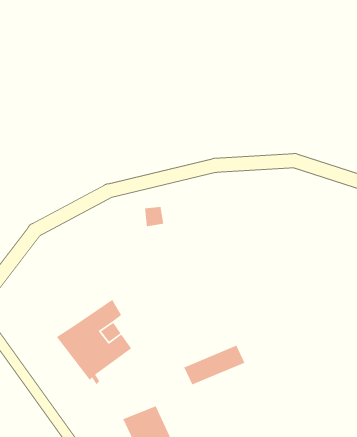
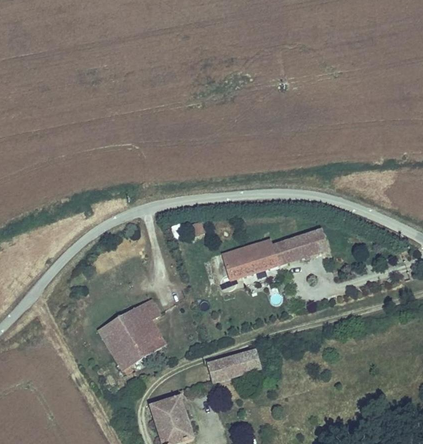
building: none -> [219,232,324,280]

